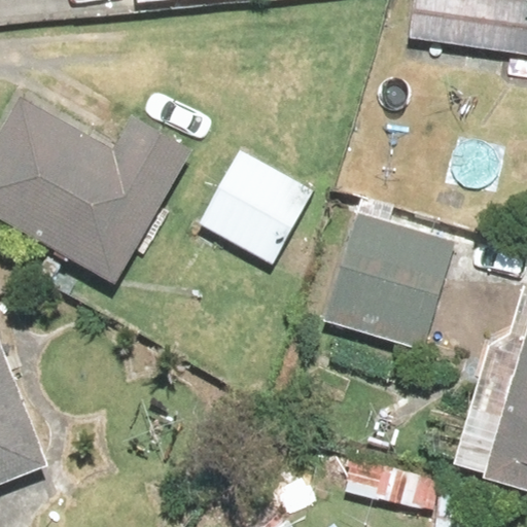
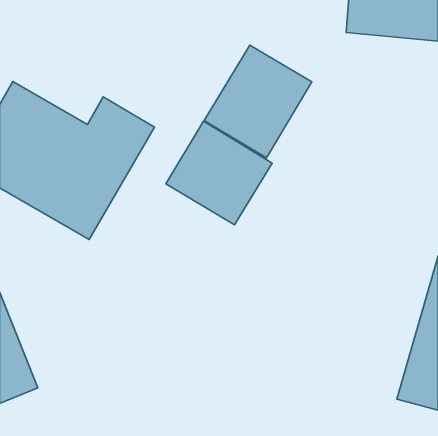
building: none -> [204,45,312,158]
building: [327,203,468,352] -> none

